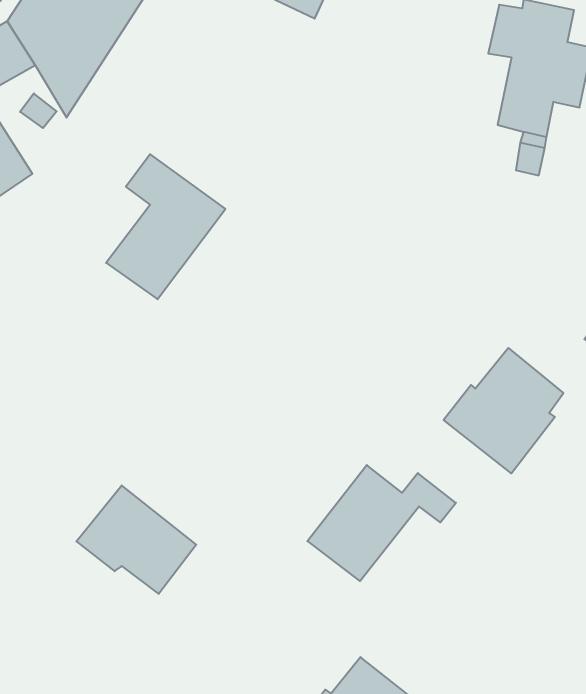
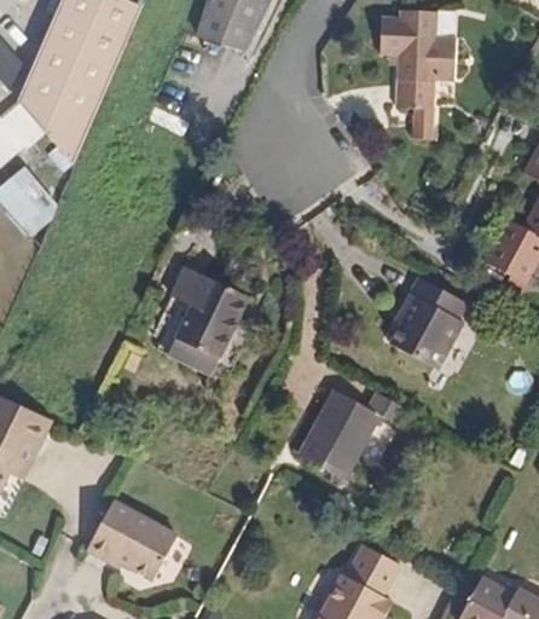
building: [106,154,225,299] -> [163,265,248,375]
building: [76,485,196,594] -> [81,498,173,577]

